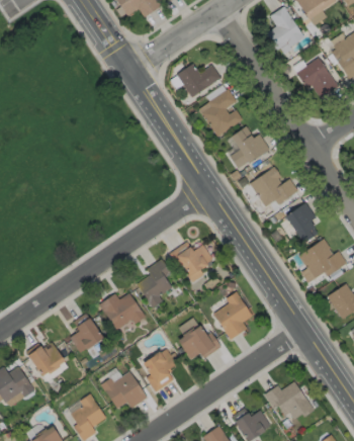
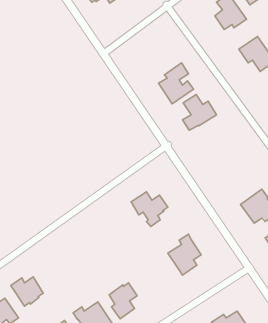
building: [177,63,222,97] -> none
building: [250,166,298,206] -> none
building: [285,202,319,243] -> none
building: [136,259,172,307] -> none
building: [99,292,145,330] -> none
building: [70,313,103,352] -> none
building: [178,325,220,359] -> none

